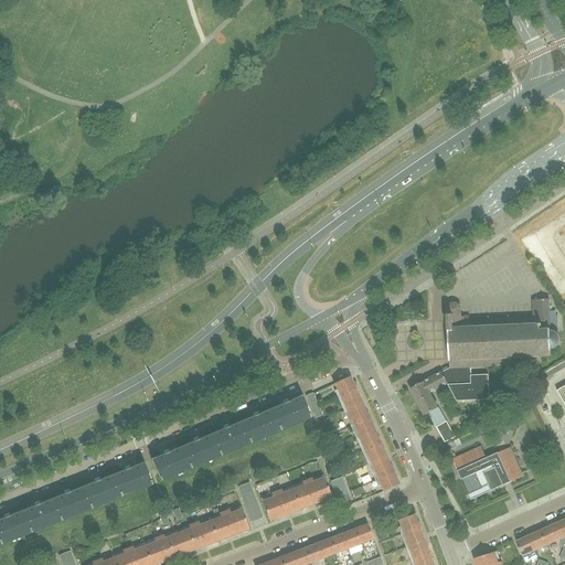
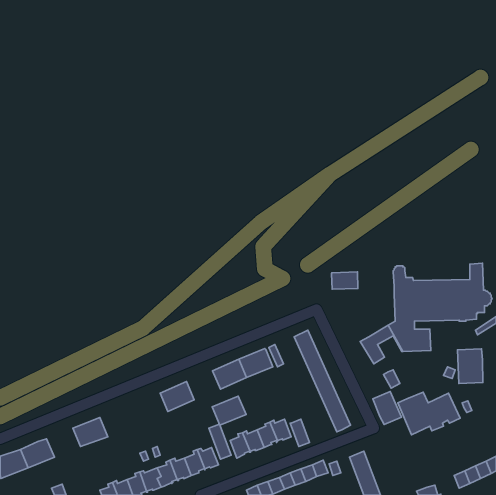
building: none -> [331,272,358,289]
building: none -> [457,349,483,383]
building: [212,422,250,455] -> [212,396,246,425]
building: none -> [373,391,401,425]
building: [152,447,191,480] -> none
building: [114,462,152,497] -> none
building: [53,487,92,520] -> none

